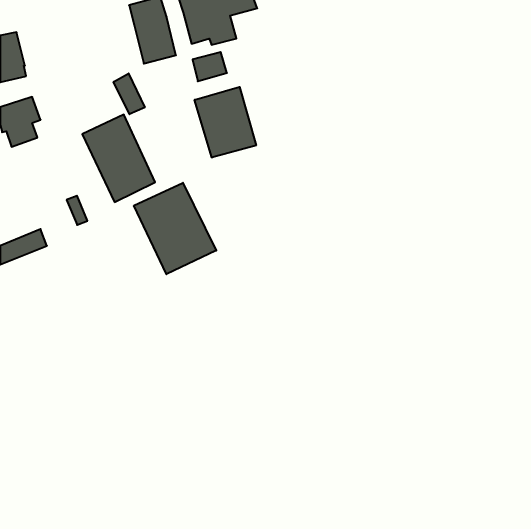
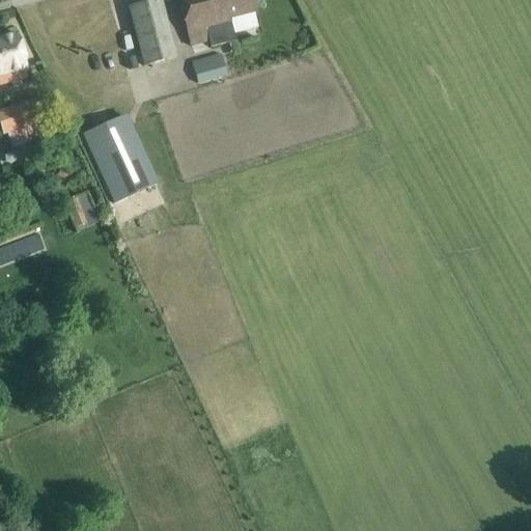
building: [114,73,145,114] -> none
building: [195,87,256,158] -> none
building: [134,183,216,274] -> none

